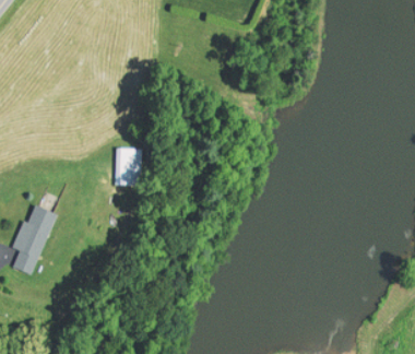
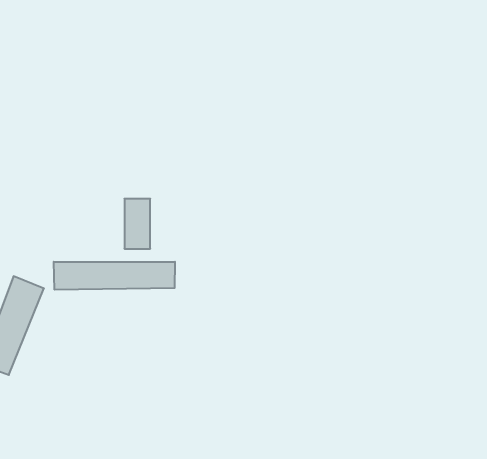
building: none -> [54,262,175,290]

